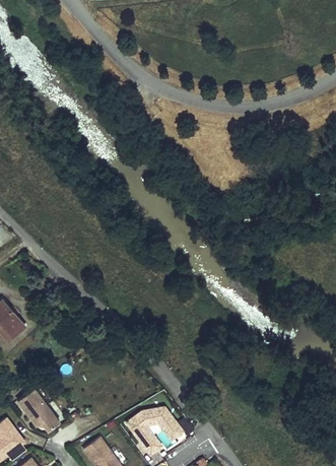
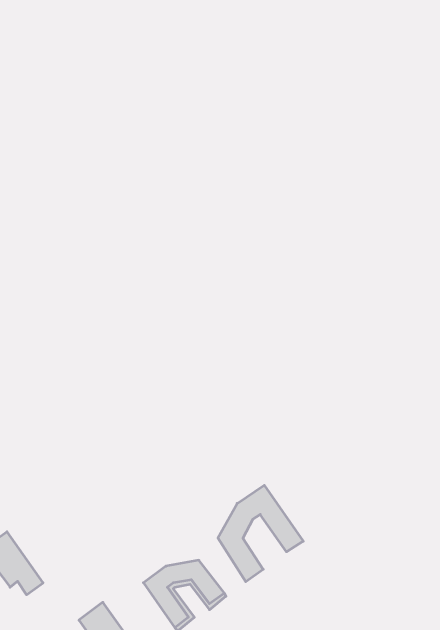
building: none -> [218,485,303,582]

